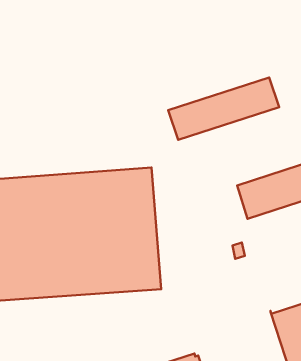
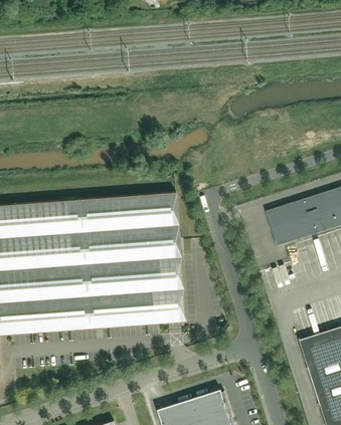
building: [168,77,279,140] -> none

